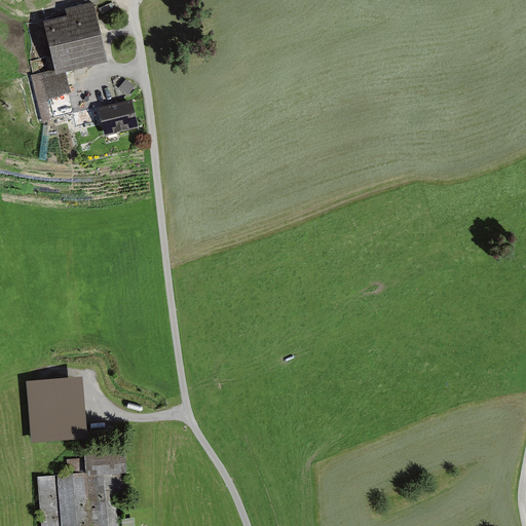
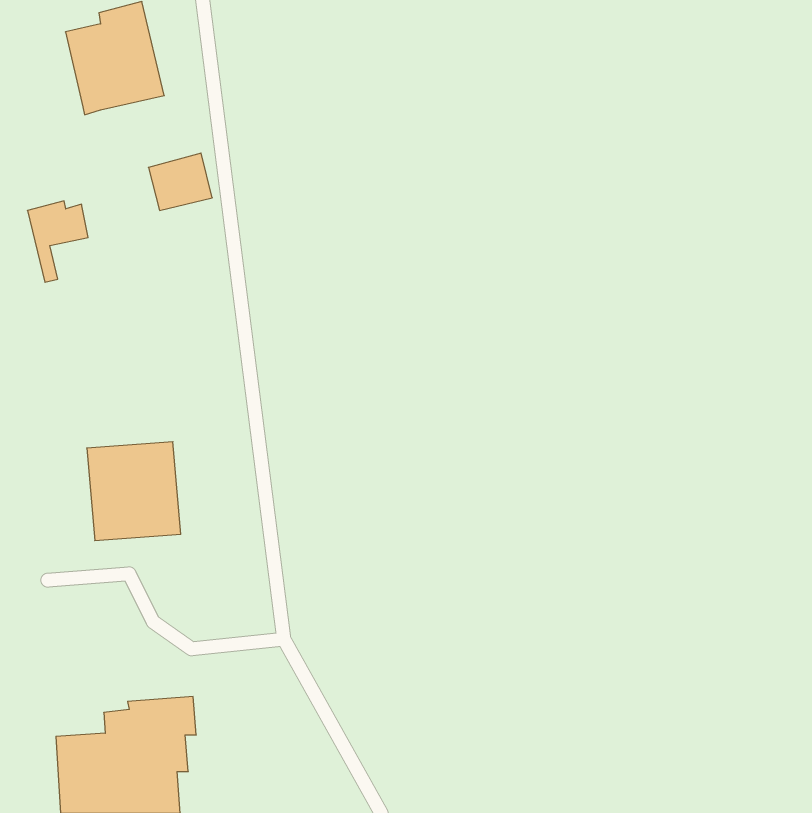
building: [30,69,69,121] -> [27,201,88,282]
building: [27,378,87,442] -> [87,442,181,541]

